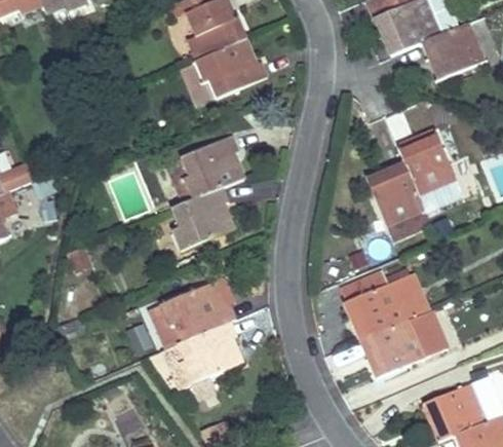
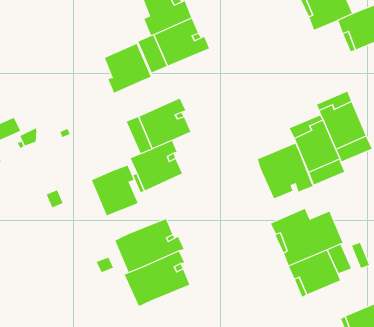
building: none -> [104,43,151,93]
building: none -> [257,143,314,199]
building: none -> [91,165,139,216]

